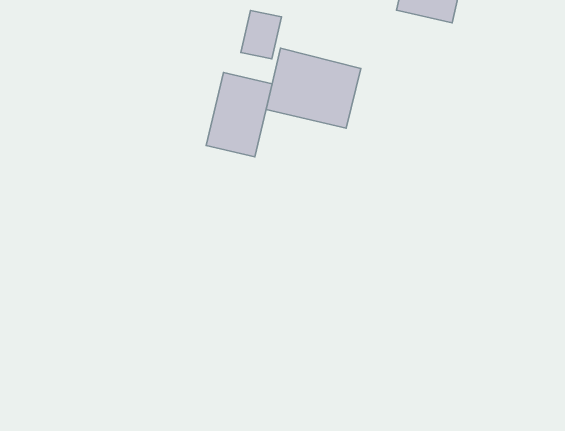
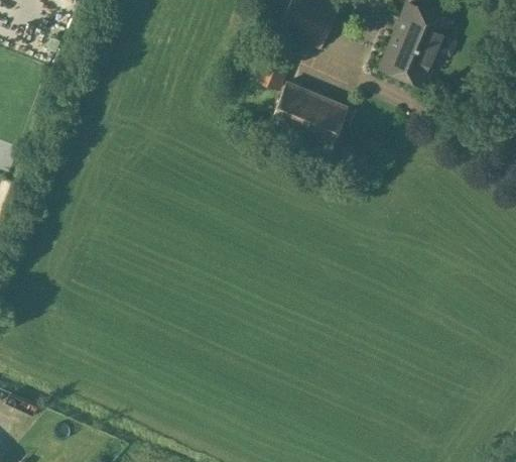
building: [206,72,272,157] -> none

